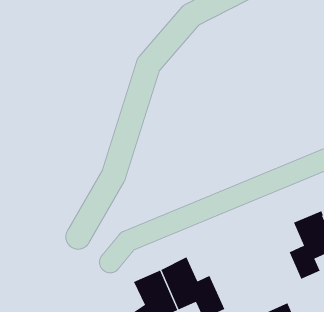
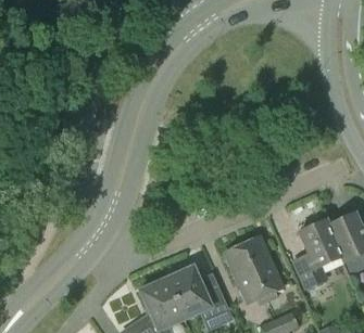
building: none -> [225,234,284,303]

